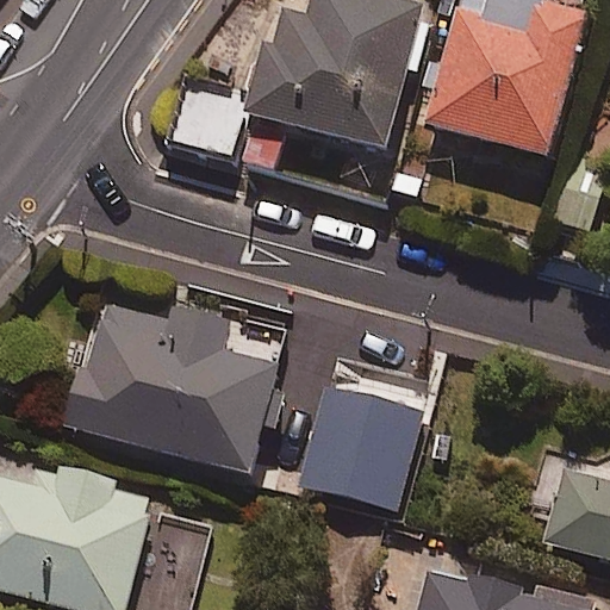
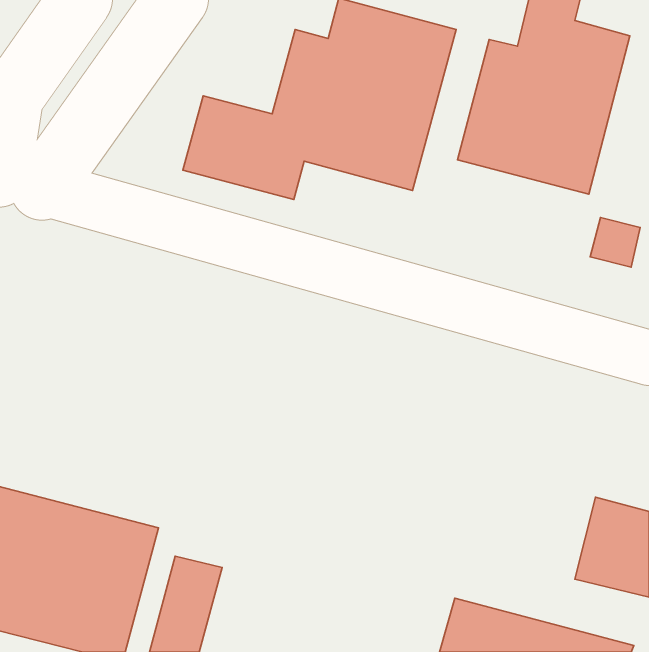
building: [67,300,284,473] -> none
building: [292,381,422,510] -> none

